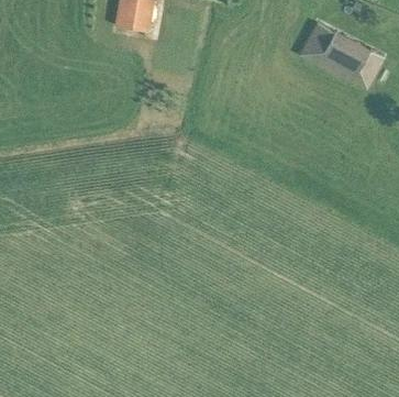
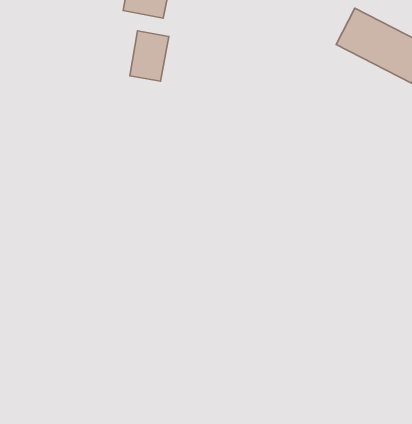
building: none -> [130,31,169,81]

